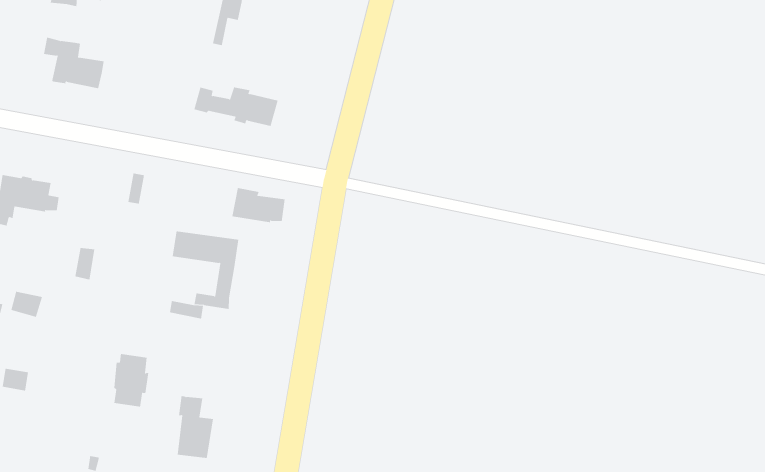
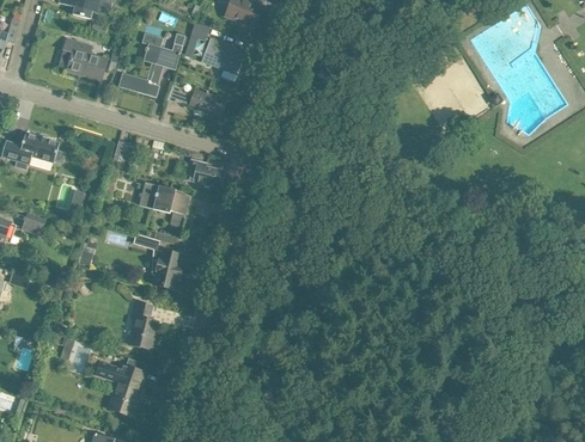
building: none -> [118,32,187,97]
building: none -> [201,37,244,80]
building: [113,354,149,407] -> [154,248,182,288]

